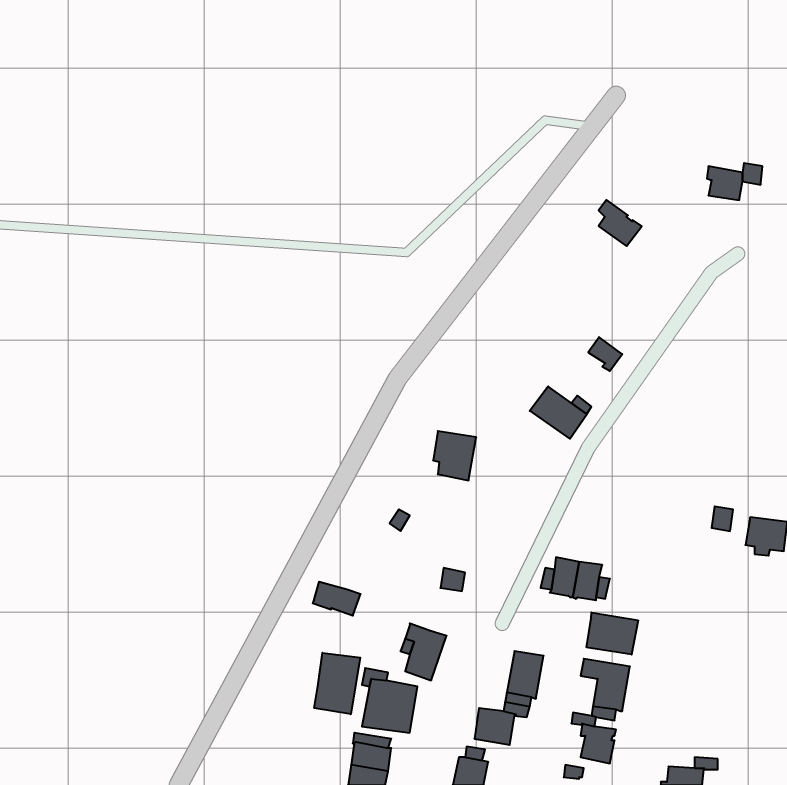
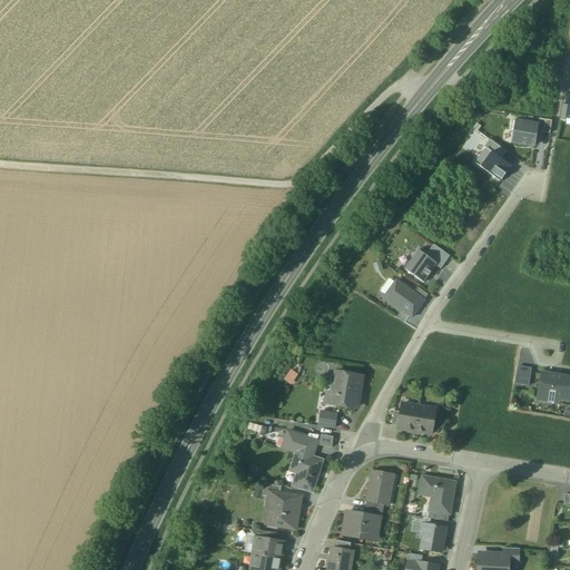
building: [599,200,642,246] -> [480,147,511,180]
building: none -> [404,249,438,283]
building: [433,431,476,480] -> [332,372,363,407]
building: [313,582,361,616] -> [283,432,317,456]
building: [587,612,638,655] -> none
building: [314,653,360,714] -> none

